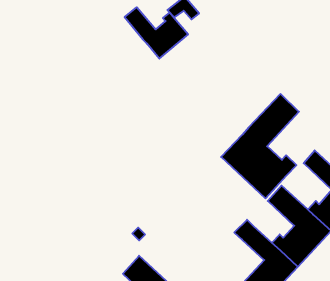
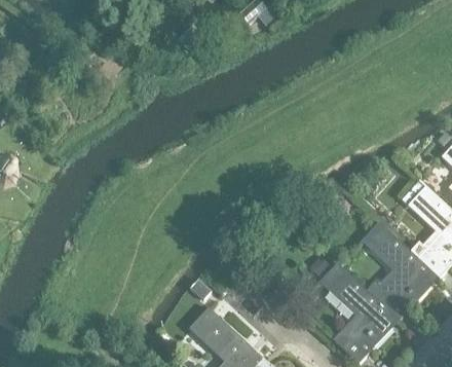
building: [125,7,188,59] -> none
building: [221,94,299,198] -> none

